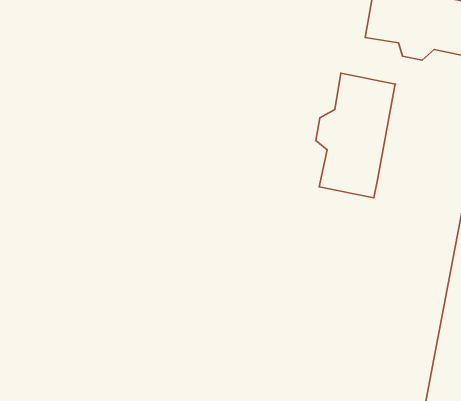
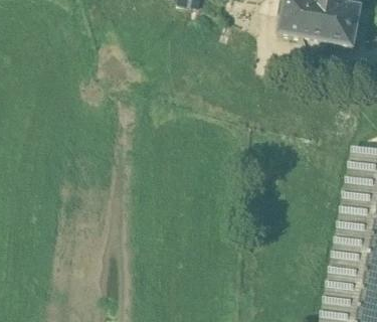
building: [316,73,395,198] -> none

